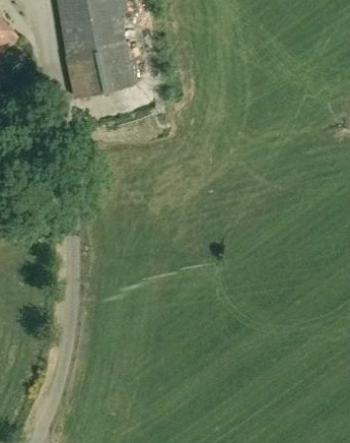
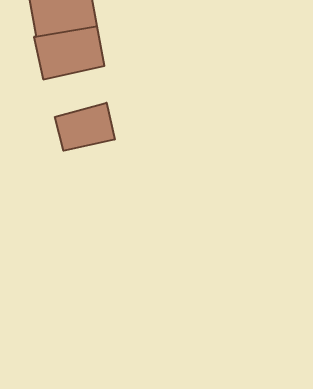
building: none -> [55,103,115,151]

